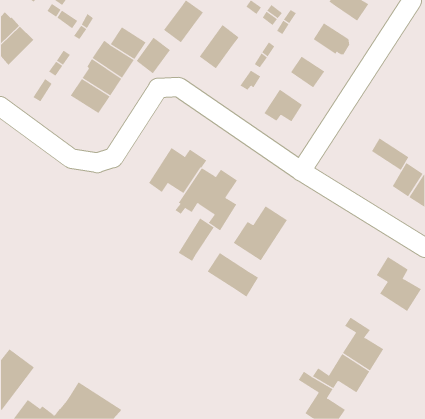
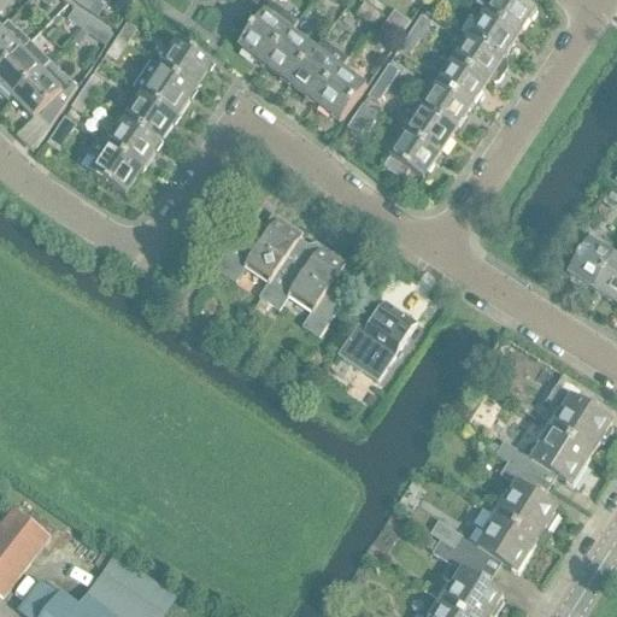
building: none -> [462,8,518,54]
building: [136,37,171,74] -> [263,28,313,82]
building: none -> [436,57,487,104]
building: none -> [12,58,76,125]
building: none -> [313,65,365,119]
building: none -> [405,105,454,152]
building: none -> [88,135,143,193]
building: [371,138,409,171] -> none
building: [178,218,214,262] -> none
building: [207,252,259,298] -> none
building: none -> [494,425,590,483]

